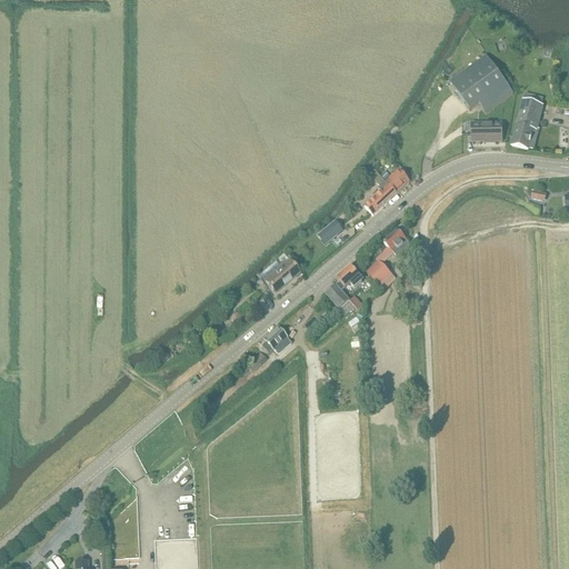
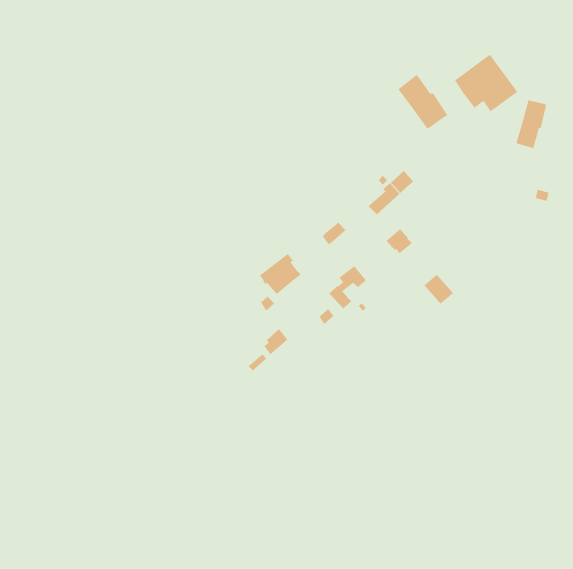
building: none -> [398,74,448,131]
building: [471,121,502,140] -> none
building: [366,258,396,288] -> [423,274,454,304]

